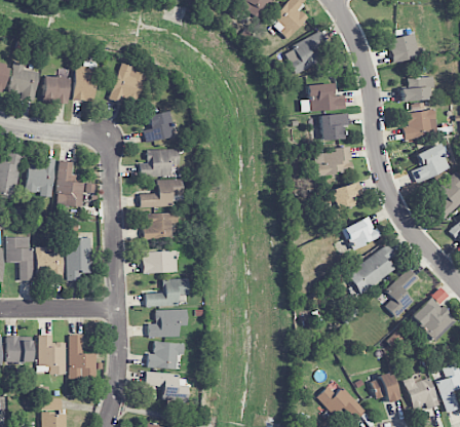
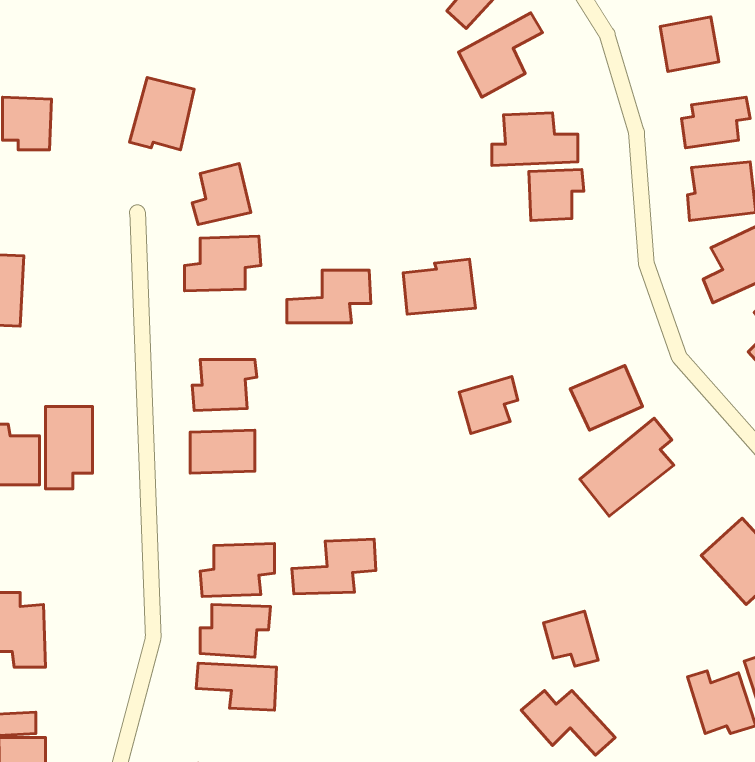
building: [74,66,97,101] -> none
building: [314,146,352,174] -> [403,259,476,314]
building: [57,160,84,205] -> none
building: [140,179,184,206] -> [287,270,371,323]
building: [330,181,360,210] -> [459,377,518,433]
building: [385,268,418,317] -> none
building: [145,277,189,306] -> [292,539,376,594]
building: [69,334,98,379] -> none
building: [371,373,399,401] -> [543,611,598,666]

